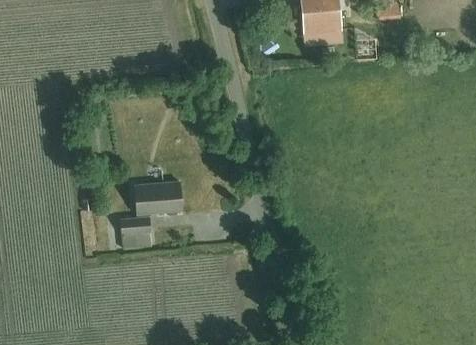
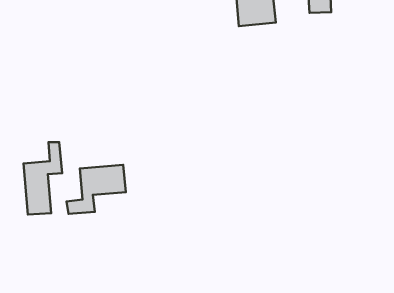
building: none -> [23,142,62,215]

